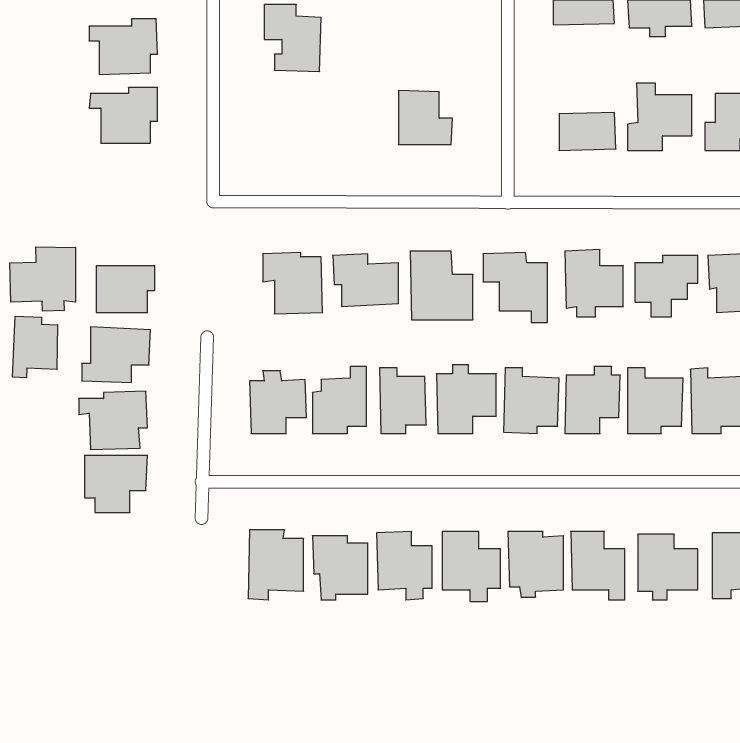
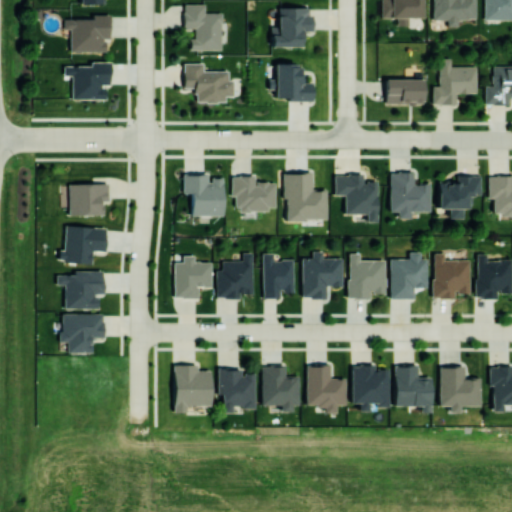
building: none -> [273,8,313,48]
building: none -> [184,64,235,103]
building: [10,247,75,311] -> none
building: [13,316,58,378] -> none

